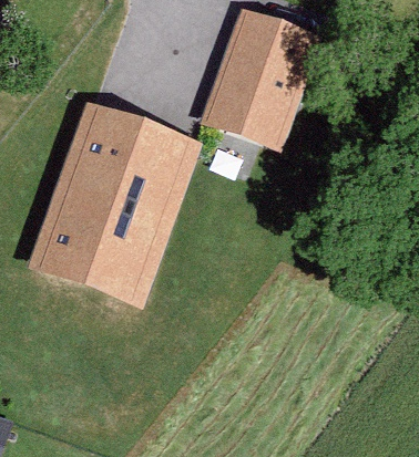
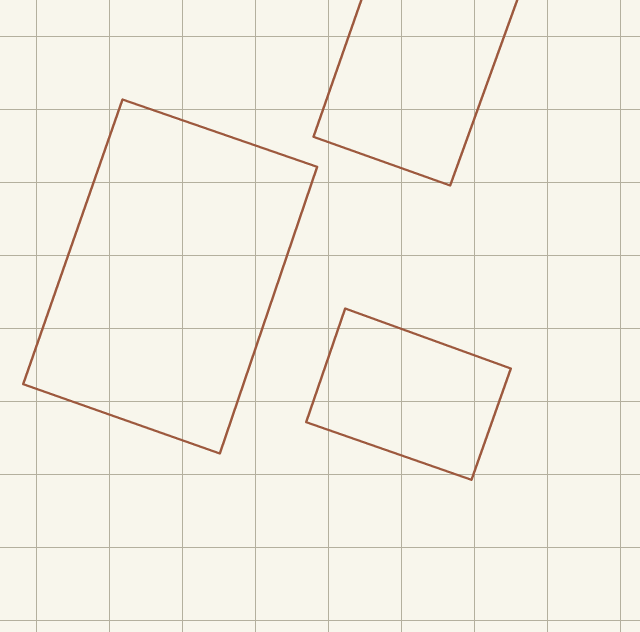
building: none -> [306,309,511,480]

